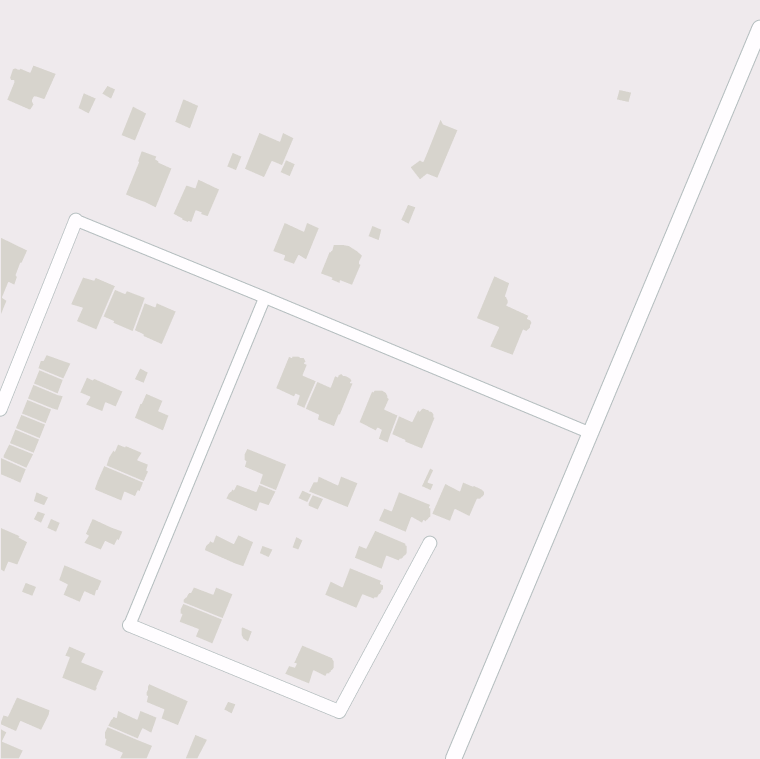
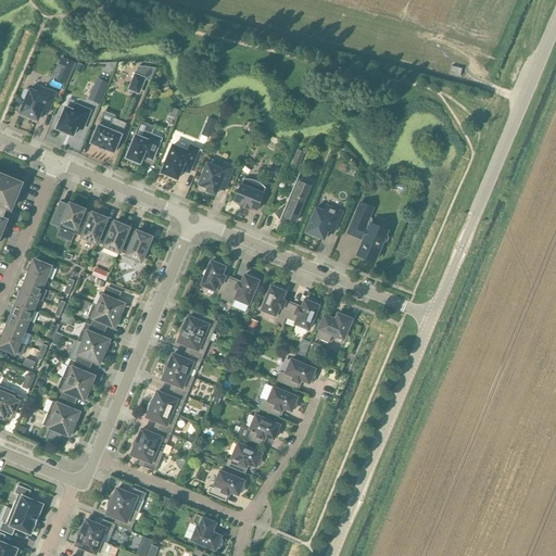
building: [6,64,57,111] -> [20,86,56,119]
building: [409,118,458,180] -> [275,176,311,222]
building: [244,132,294,178] -> [162,144,199,178]
building: none -> [56,104,90,135]
building: none -> [305,204,342,239]
building: none -> [119,229,151,261]
building: [79,376,124,412] -> [87,304,119,330]
building: [308,476,358,508] -> [180,315,217,339]
building: [431,482,485,522] -> [315,313,354,342]
building: none -> [62,358,93,388]
building: none -> [162,364,194,395]
building: none -> [47,396,79,424]
building: none -> [147,402,178,433]
building: none -> [225,442,262,472]
building: [61,646,104,692] -> [12,484,43,518]
building: none -> [109,486,146,511]
building: none -> [191,513,222,548]

